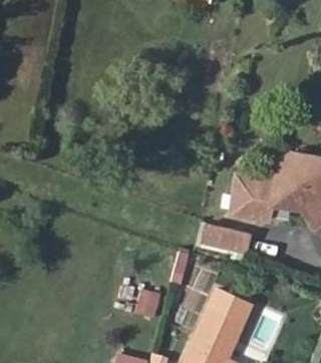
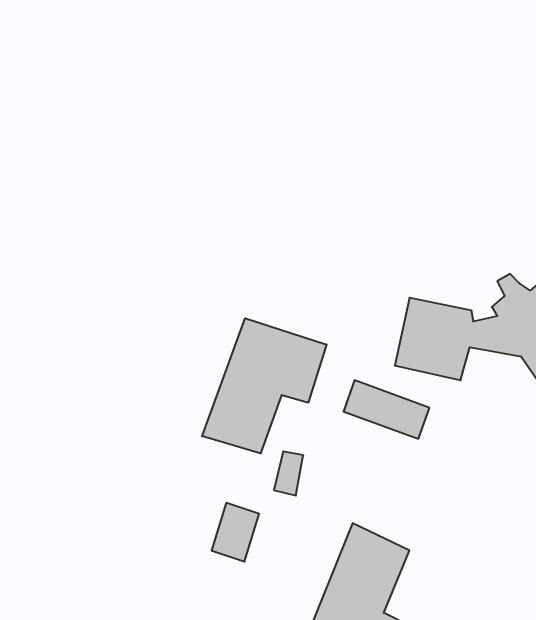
building: none -> [202,318,327,454]

